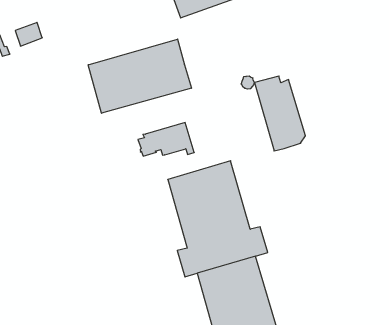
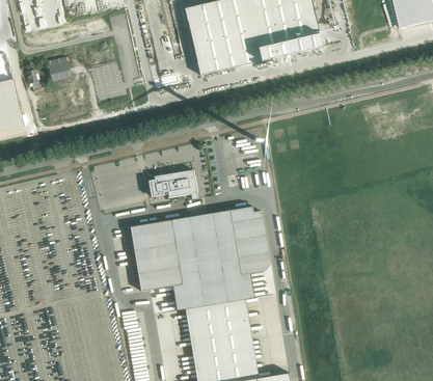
building: [88,39,191,113] -> none
building: [255,76,305,151] -> [231,207,271,274]
building: none -> [131,220,182,291]

